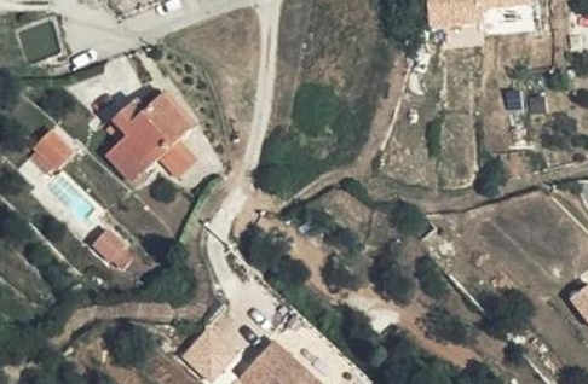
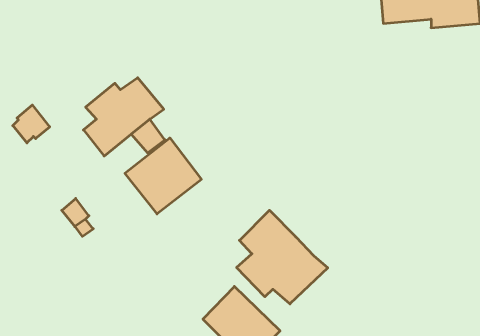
building: none -> [125,138,201,214]
building: none -> [237,210,328,304]

